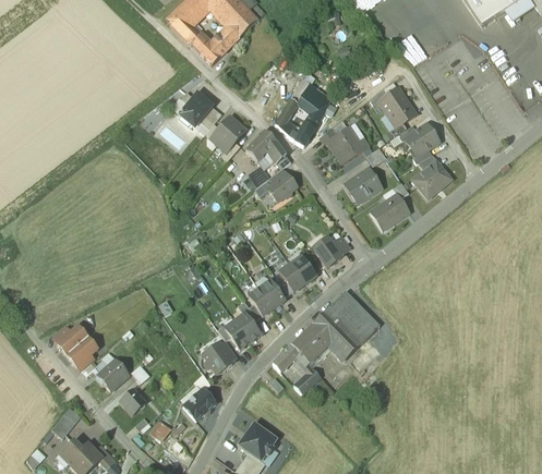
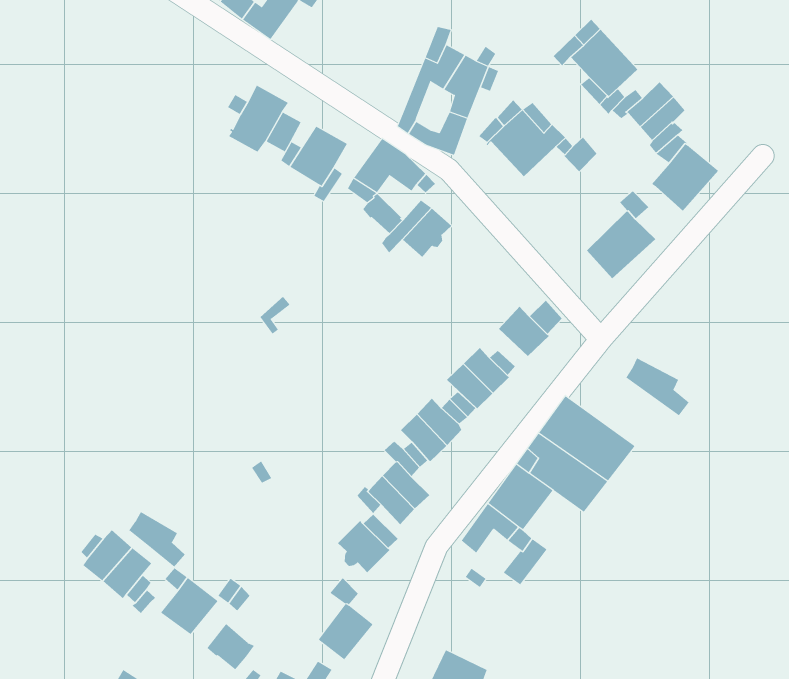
building: [345,168,382,204] -> none
building: none -> [626,357,690,416]
building: none -> [128,511,186,568]

